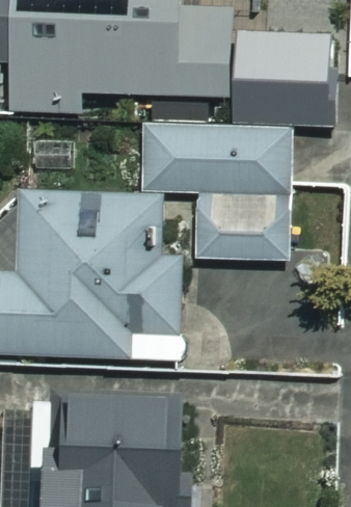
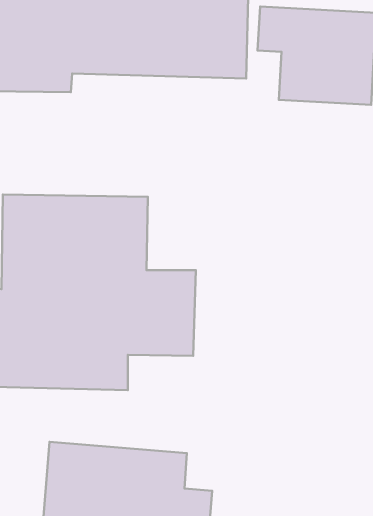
building: [140,119,293,191] -> none
building: [193,195,292,262] -> none

